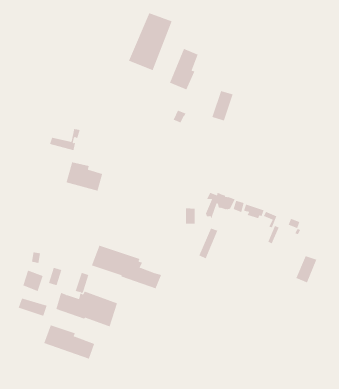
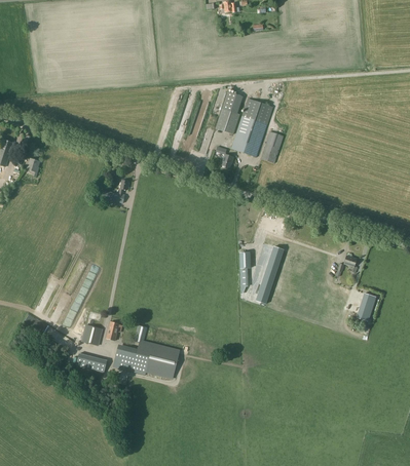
building: [128,12,173,71] -> [231,99,273,157]
building: [66,161,103,192] -> none
building: [91,245,162,289] -> none
building: [43,324,95,359] -> none

